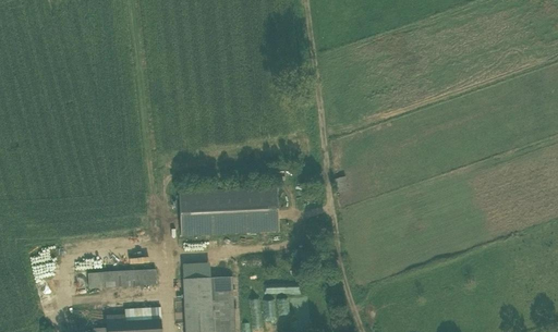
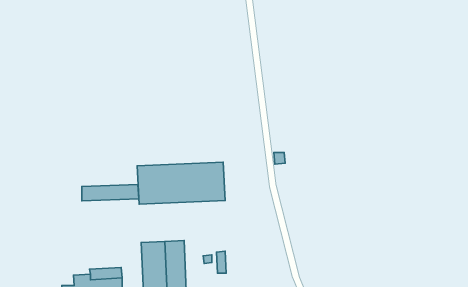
building: [182,263,210,280] -> none
building: [90,269,156,287] -> [82,185,139,201]

